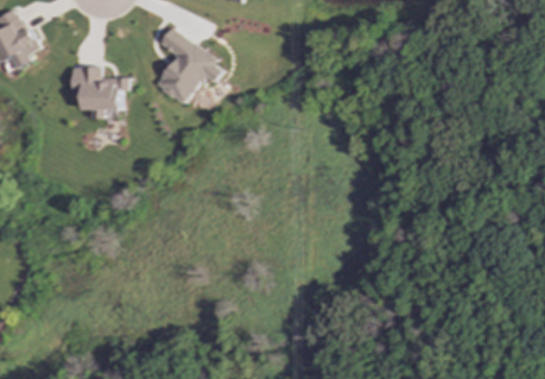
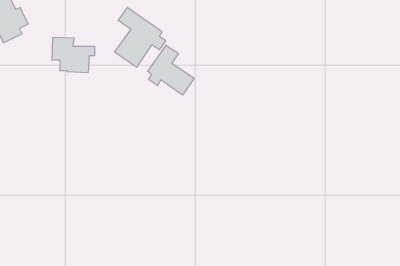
building: none -> [148,45,194,95]

